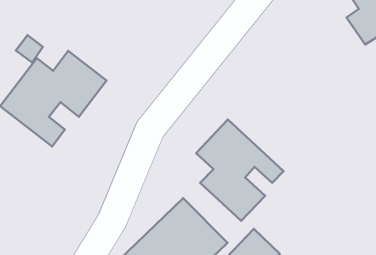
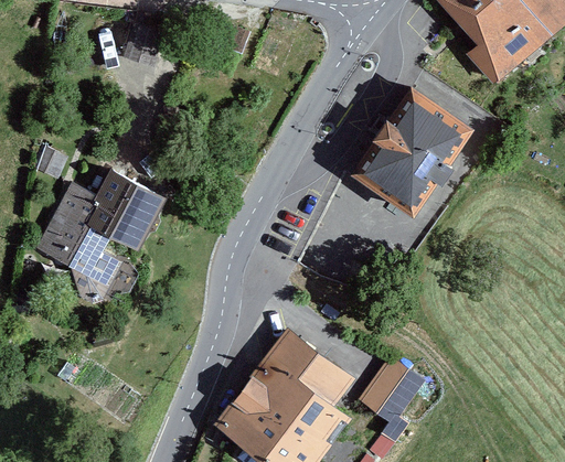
building: none -> [353,83,478,215]
building: [196,119,283,221] -> none

